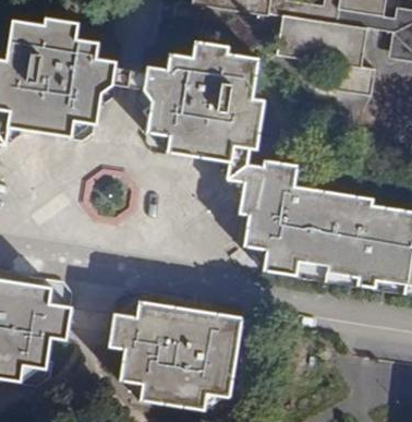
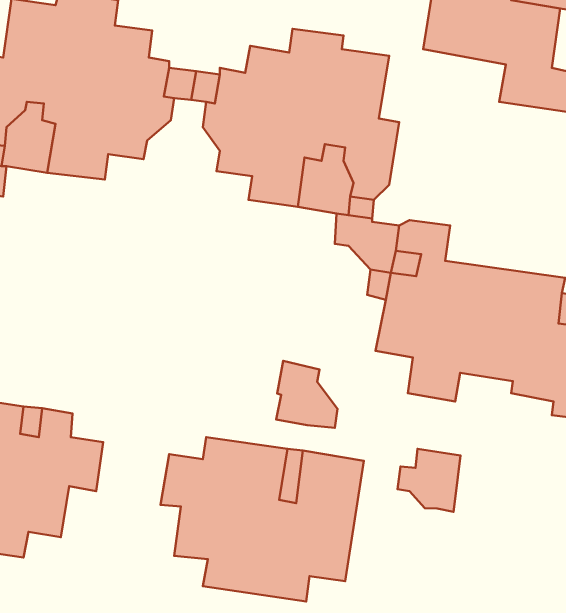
building: none -> [276,361,338,428]
building: none -> [398,449,461,512]

